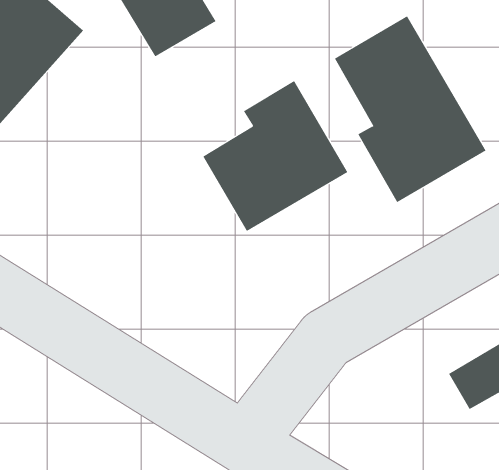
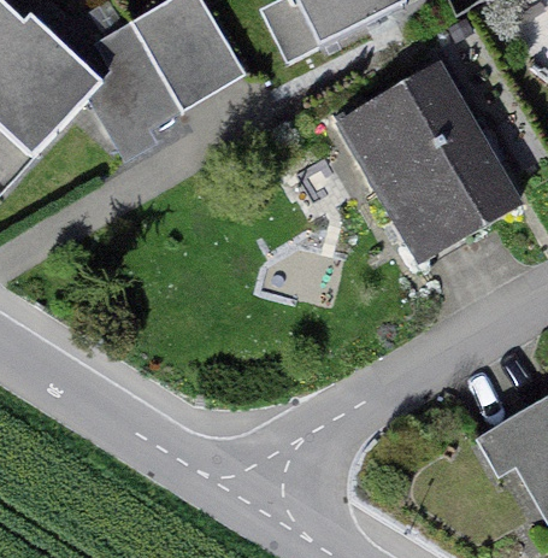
building: [203,80,348,232] -> none

